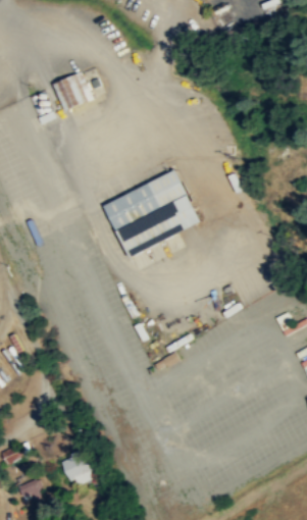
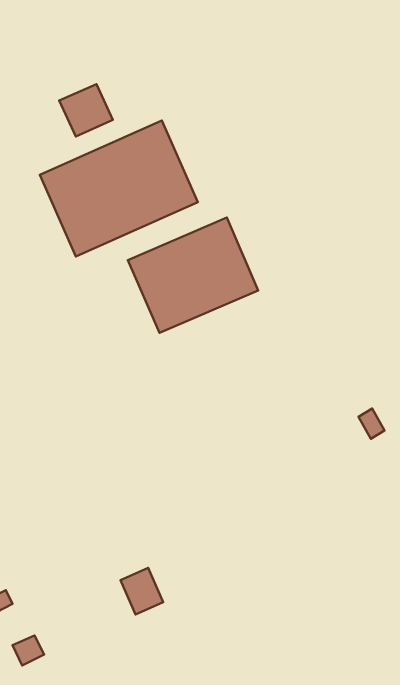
building: none -> [40,120,198,257]
building: [59,452,91,486] -> [121,568,163,614]

